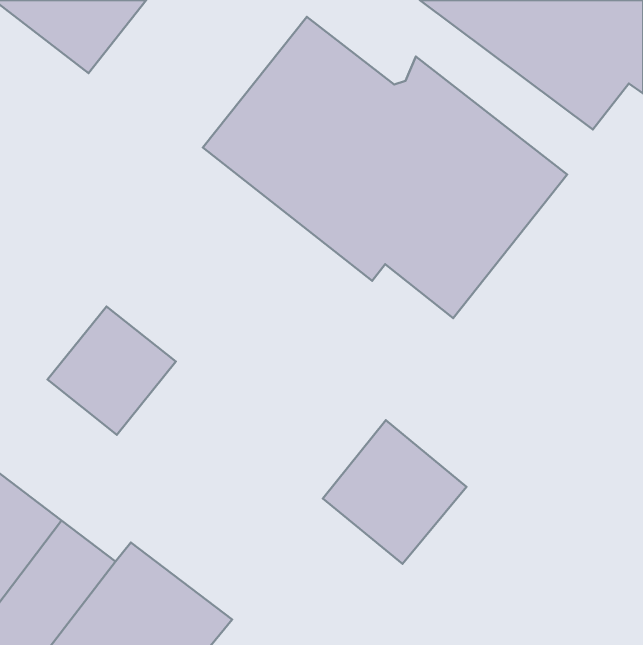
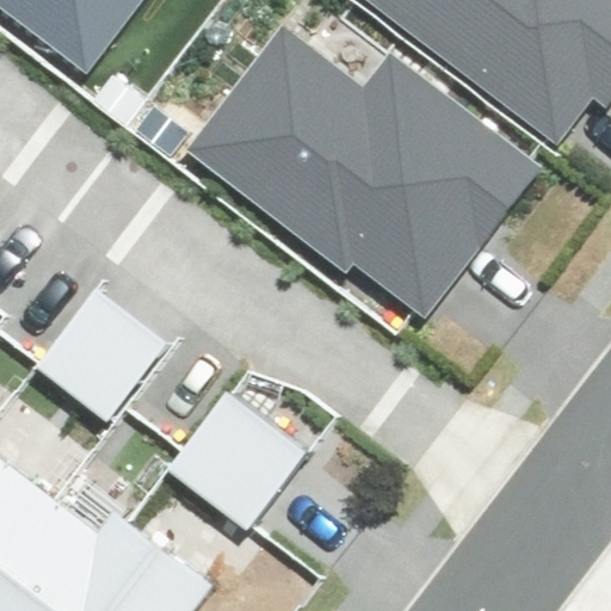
building: [323,420,467,564] -> [169,394,303,527]

